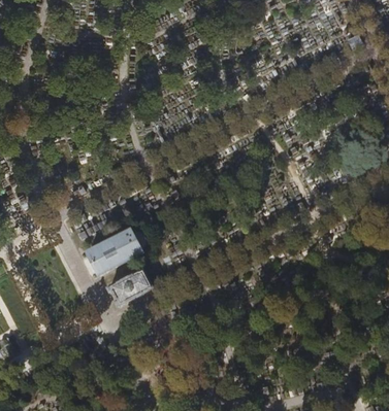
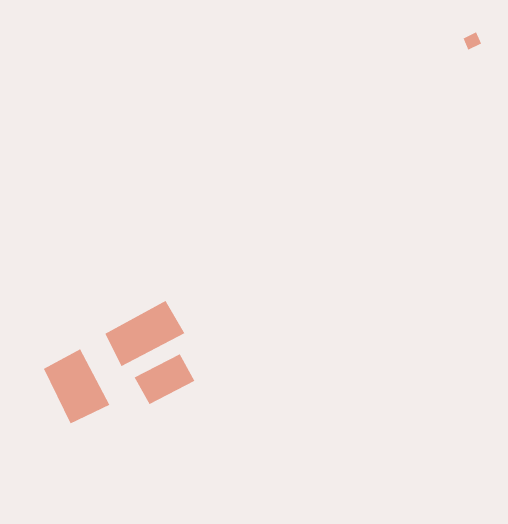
building: none -> [43,348,110,424]

